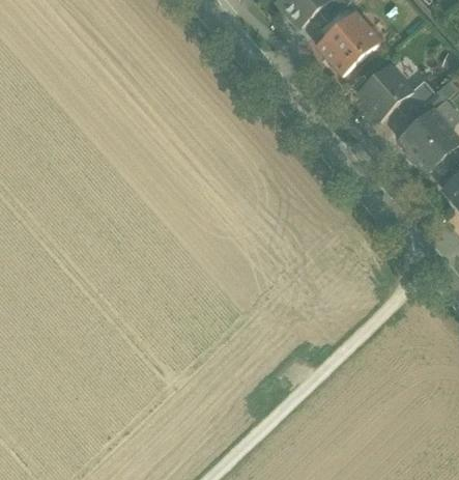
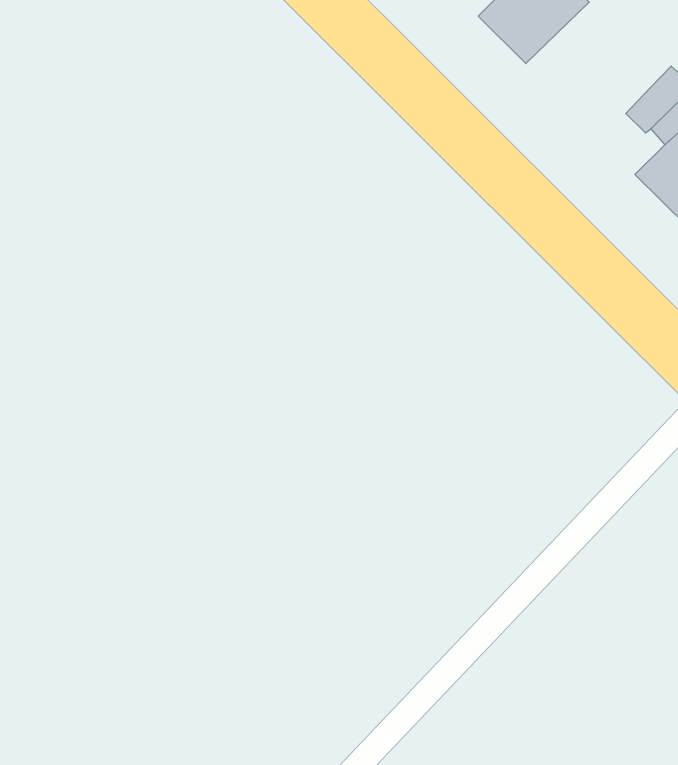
building: [358,64,410,115] -> none

